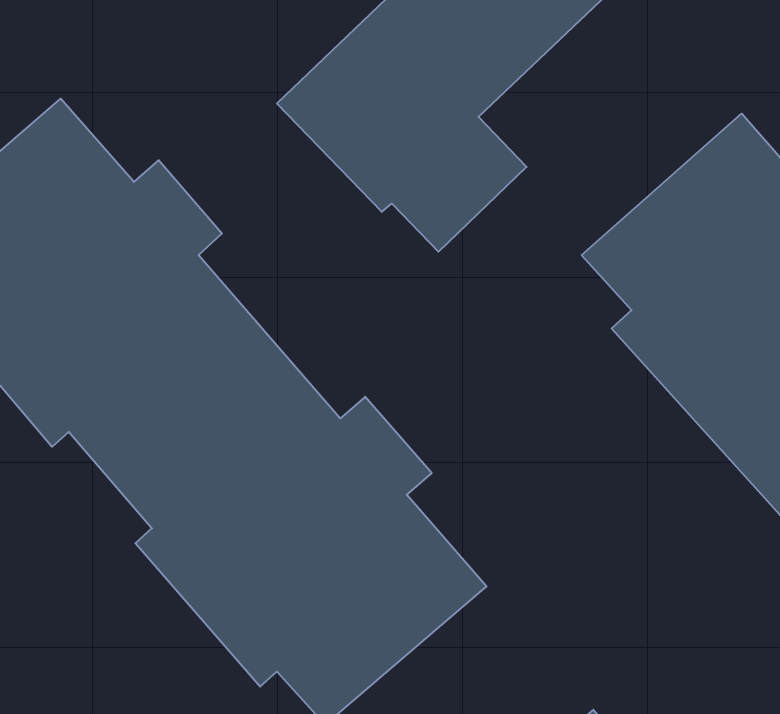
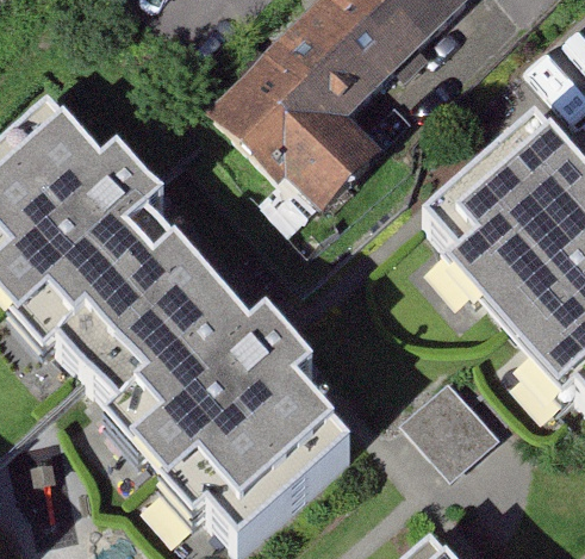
building: none -> [407,371,509,472]

